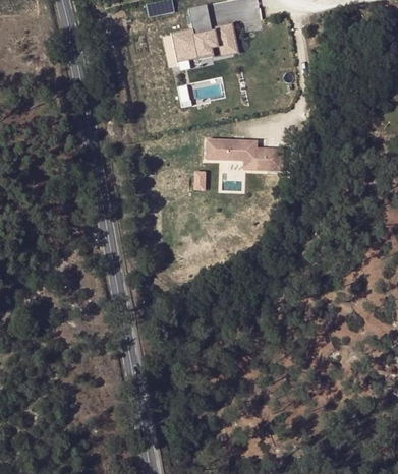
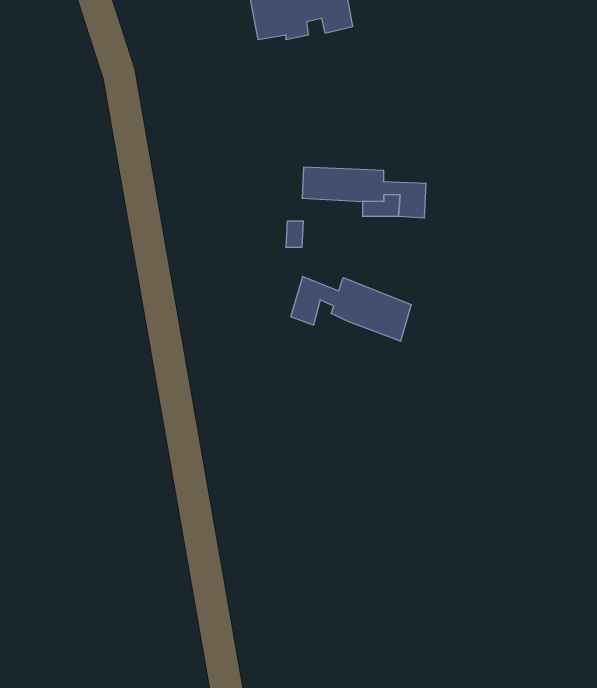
building: none -> [291,276,411,341]

